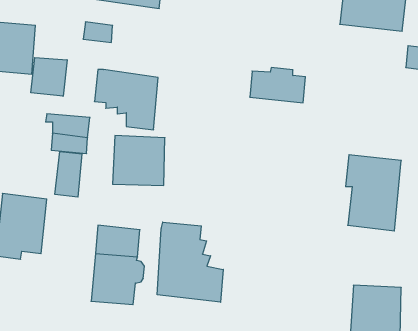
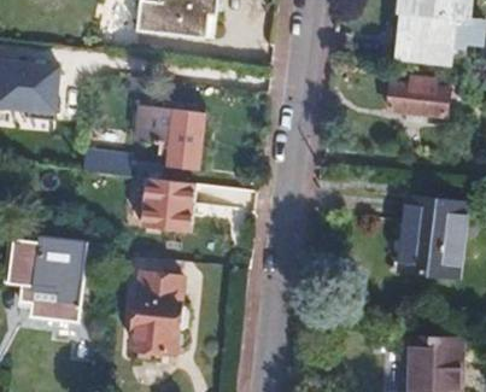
building: [31,58,67,96] -> none
building: [250,68,305,103] -> [390,78,449,116]
building: [55,151,82,197] -> none
building: [157,222,223,302] -> none

